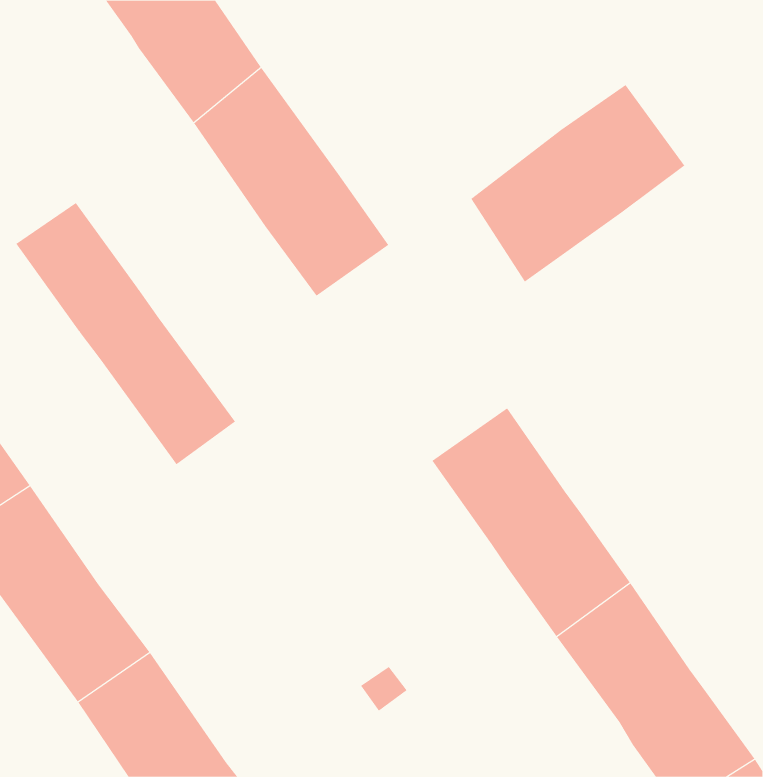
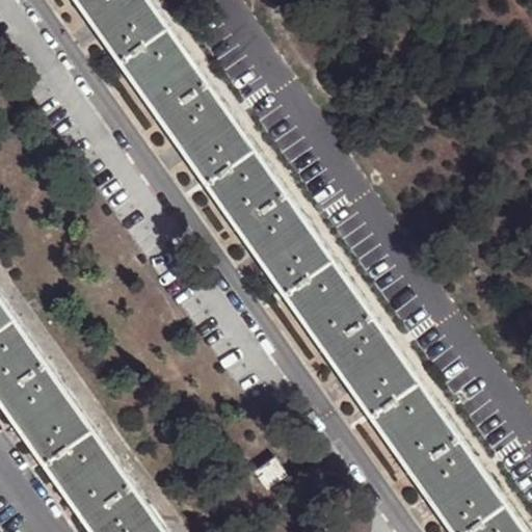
building: [470,84,685,283] -> none
building: [15,202,236,465] -> none
building: none -> [216,167,347,315]

